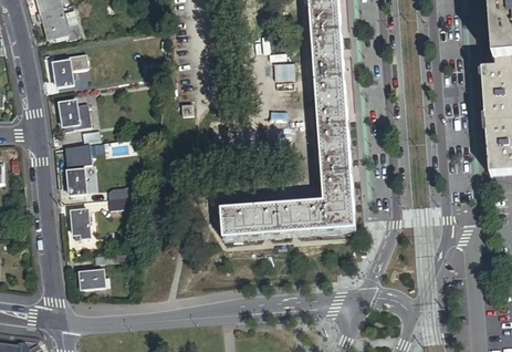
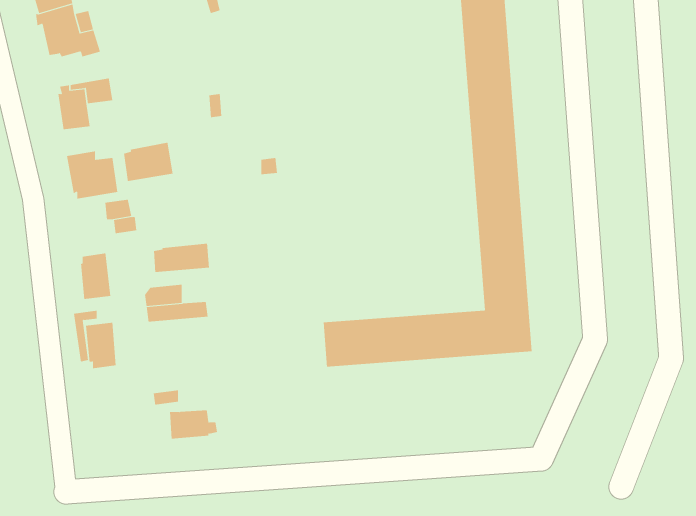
building: none -> [123,142,173,182]
building: none -> [154,243,209,273]
building: [77,269,108,288] -> [169,410,218,439]

